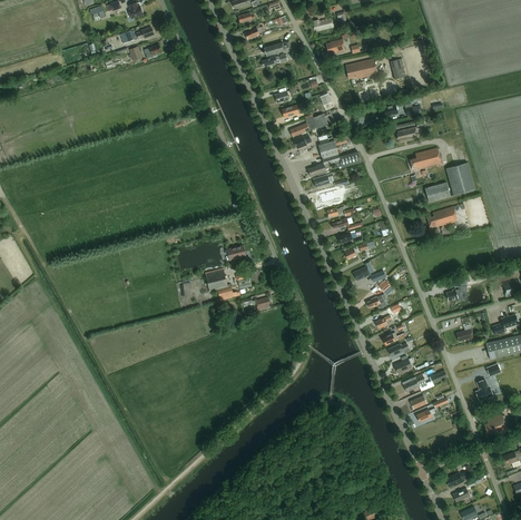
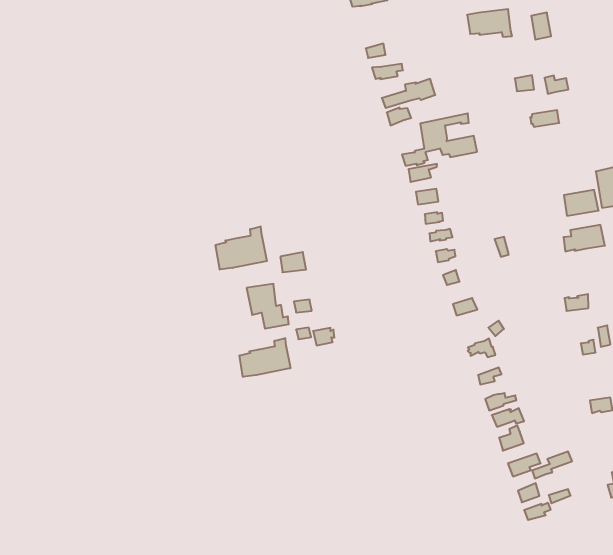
building: [410,147,442,169] -> none
building: none -> [216,226,267,270]
building: none -> [240,338,290,377]

